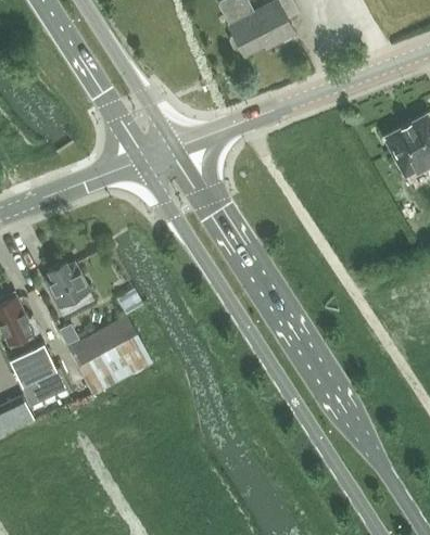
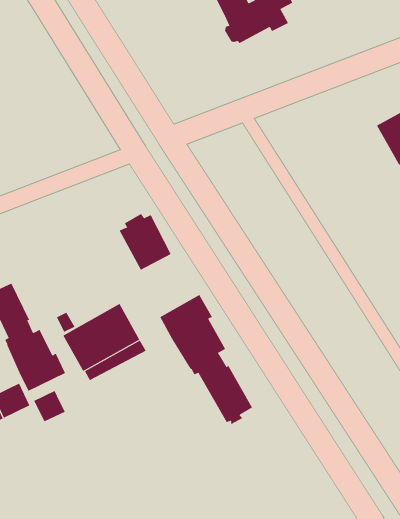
building: [42,260,96,318] -> [119,213,172,270]
building: none -> [159,294,253,425]
building: none -> [33,390,65,422]

